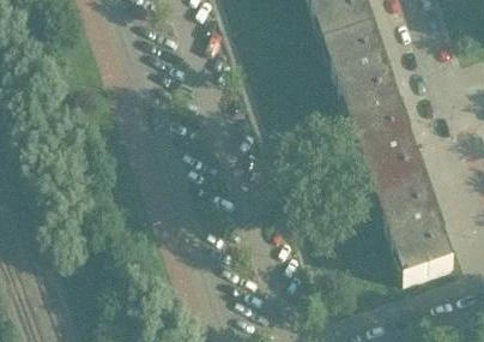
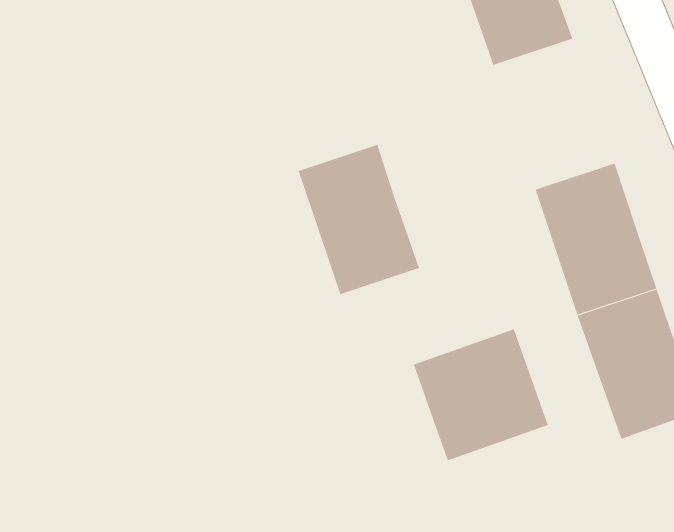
building: [323,28,400,122] -> [298,144,420,295]
building: none -> [413,329,548,461]

